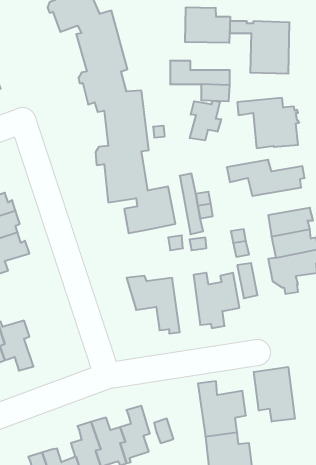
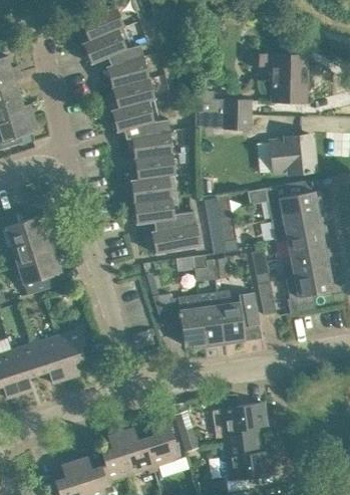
building: [185,7,230,43] -> none
building: [190,101,221,140] -> none
building: none -> [272,211,326,239]
building: none -> [197,293,223,347]
building: none -> [57,324,85,380]
building: [254,367,295,422] -> none

